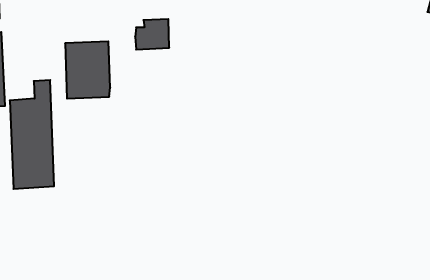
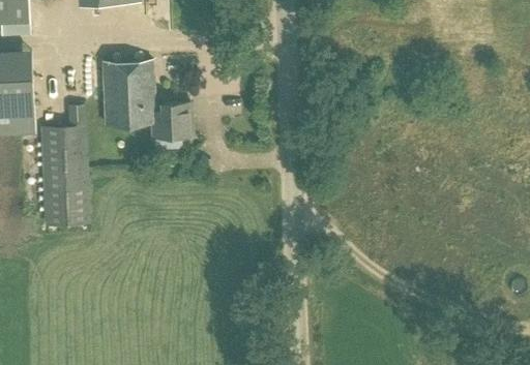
building: [135,19,169,50] -> [152,103,190,138]

